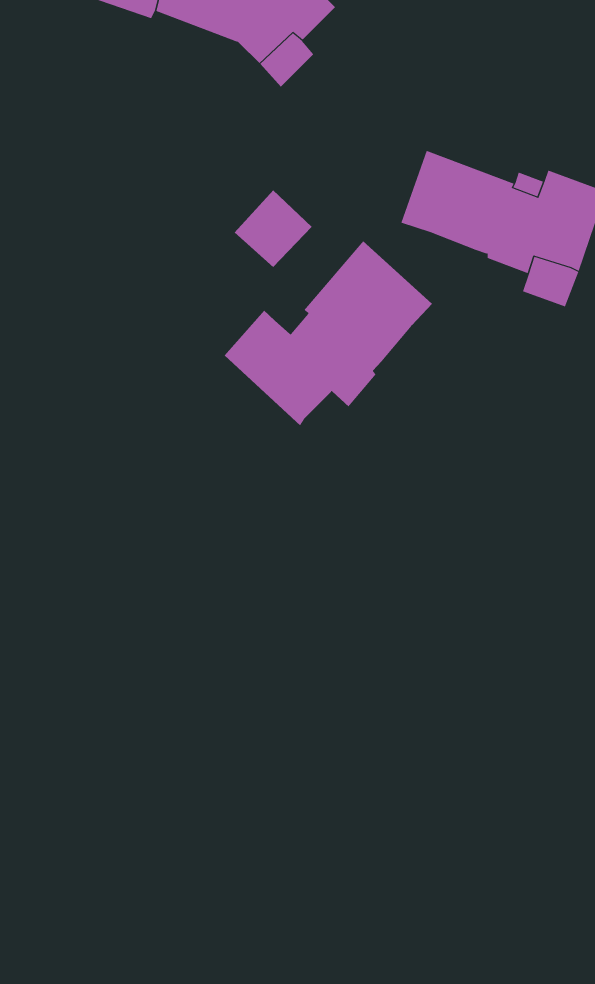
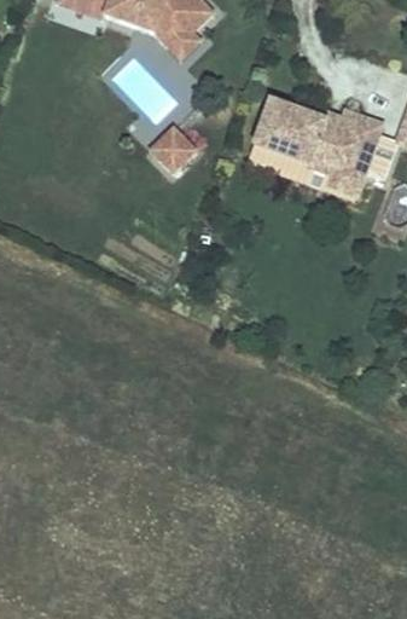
building: [224,240,433,426] -> none

